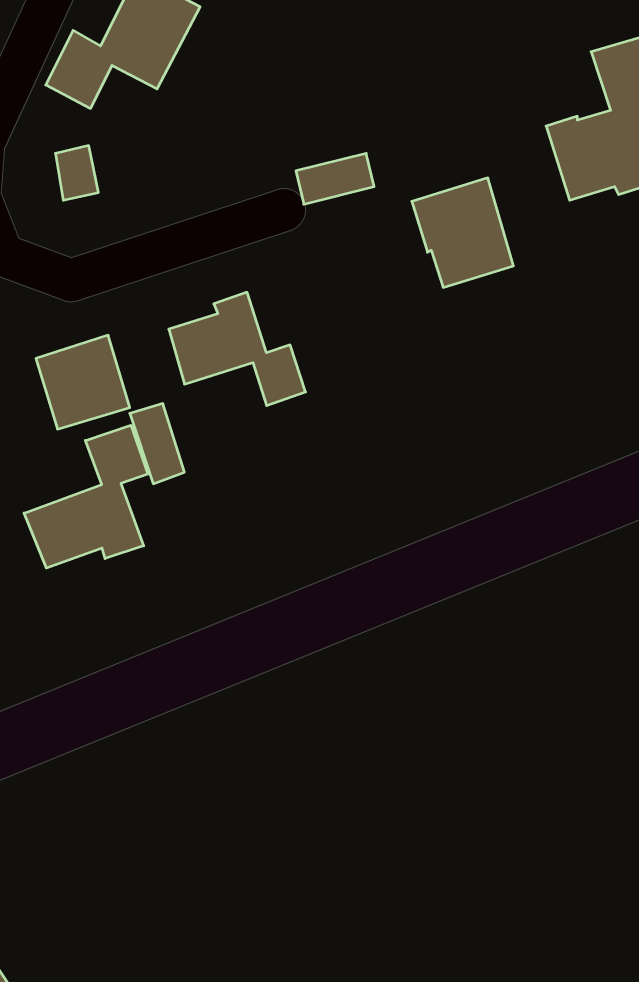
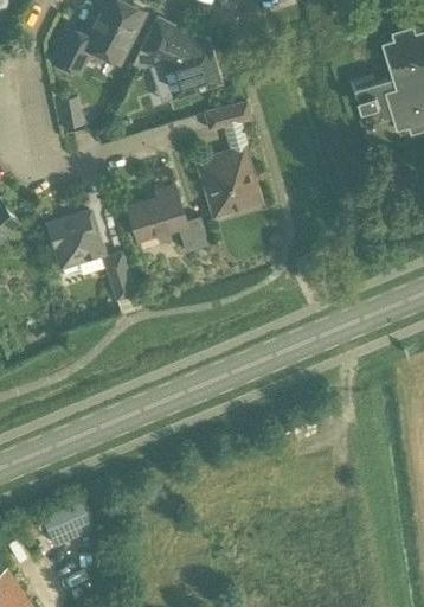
building: none -> [135,18,220,96]
building: [412,178,513,287] -> [198,149,259,216]
building: [24,425,148,568] -> none
building: none -> [46,494,103,544]

